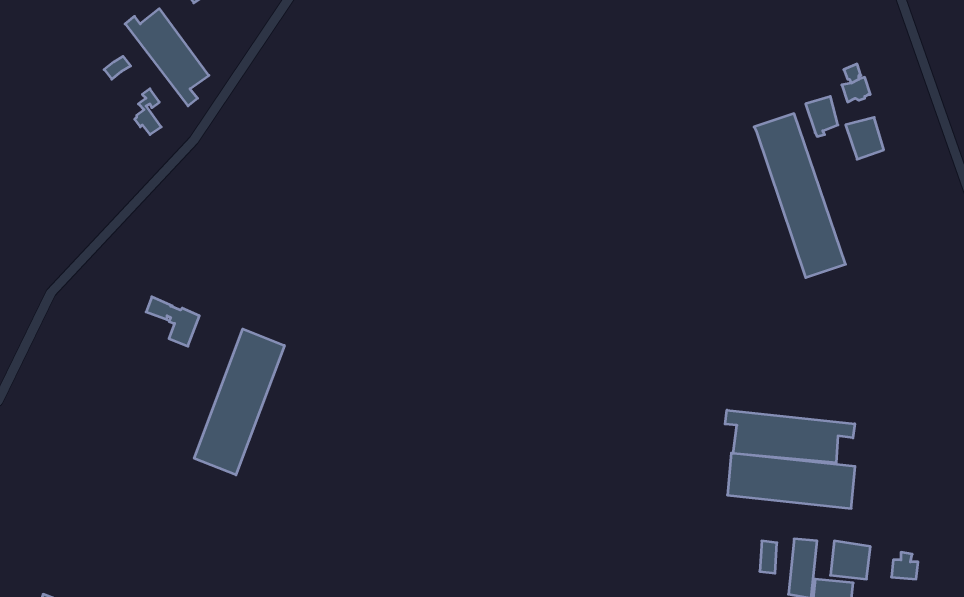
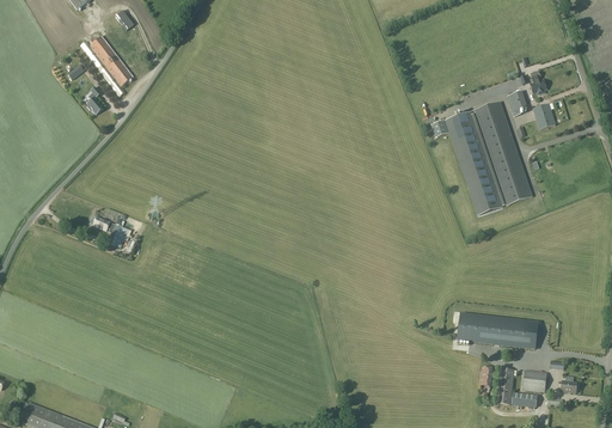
building: none -> [432,110,507,214]
building: [194,329,284,475] -> none
building: [725,410,855,463] -> none

